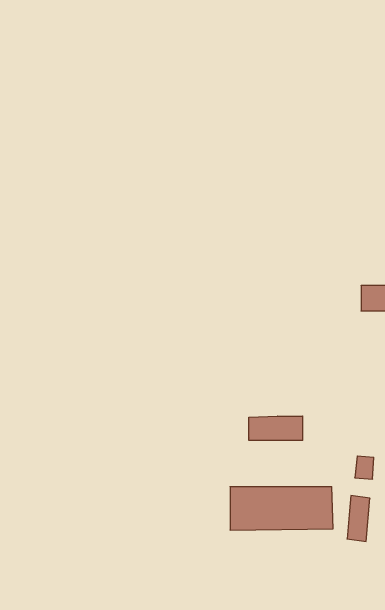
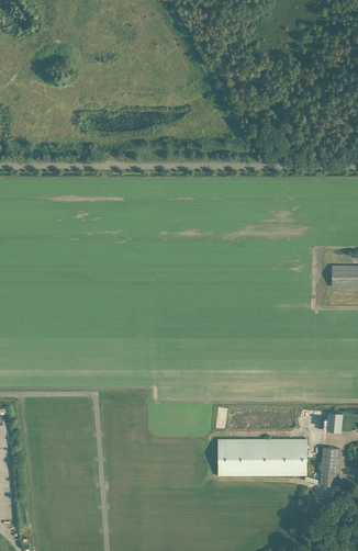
building: [249,416,303,440] -> none

